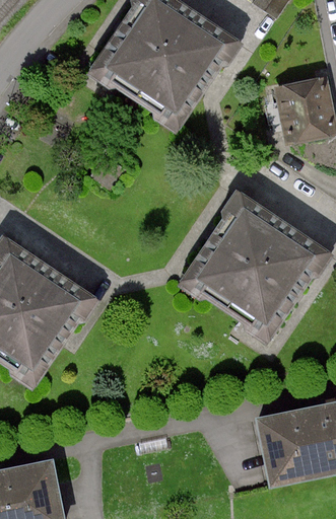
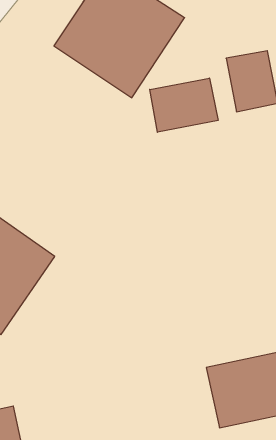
building: none -> [150,78,218,132]
building: [179,193,326,340] -> none

